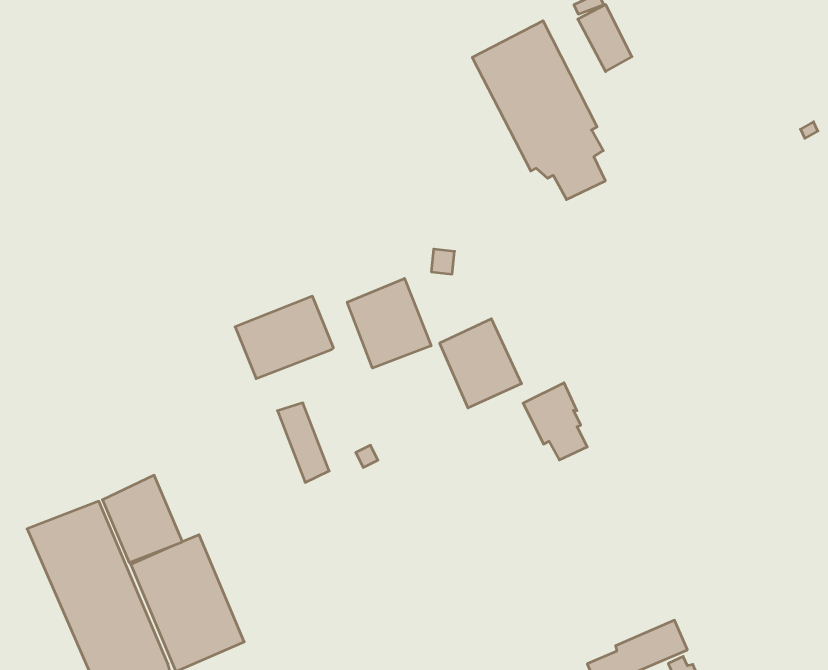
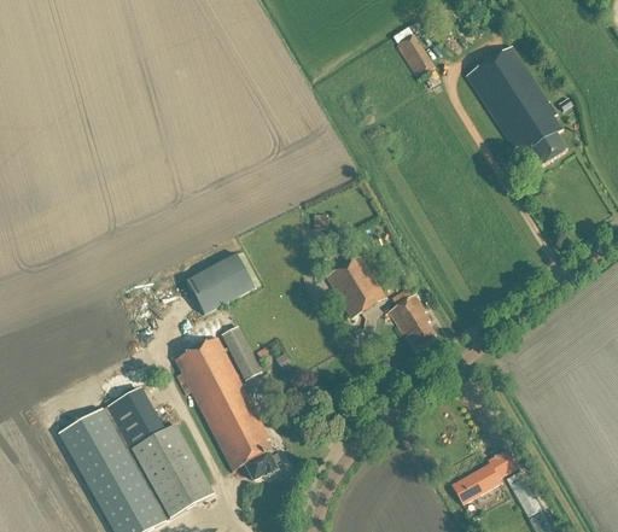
building: [472,21,605,200] -> [465,45,565,165]
building: [347,278,431,368] -> none
building: none -> [174,337,282,480]

